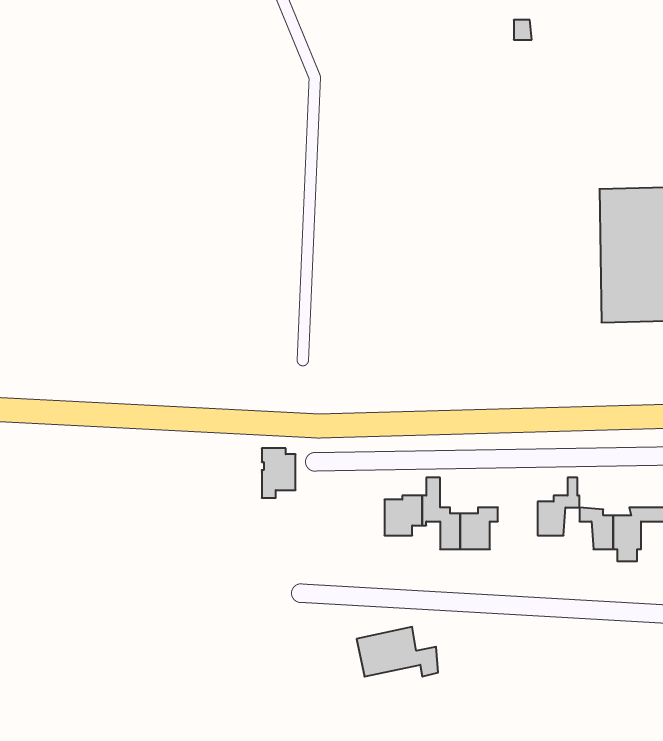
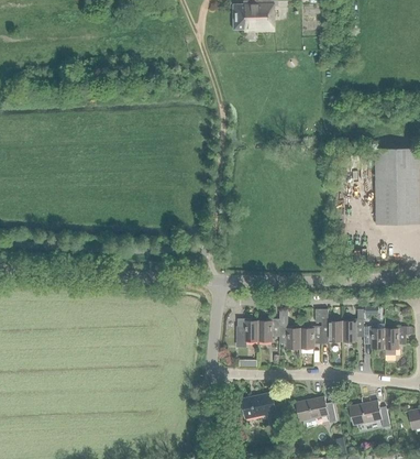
building: [262,448,296,498] -> [237,318,256,346]
building: none -> [319,309,341,341]
building: none -> [299,396,336,423]
building: none -> [352,401,389,427]

